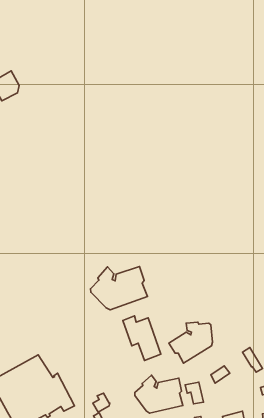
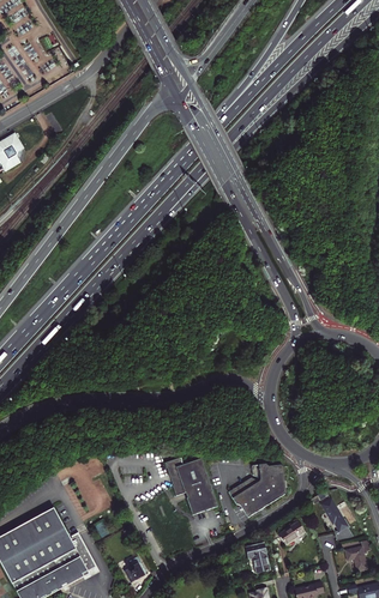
building: [91,266,148,310] -> none
building: [135,375,183,413] -> none

